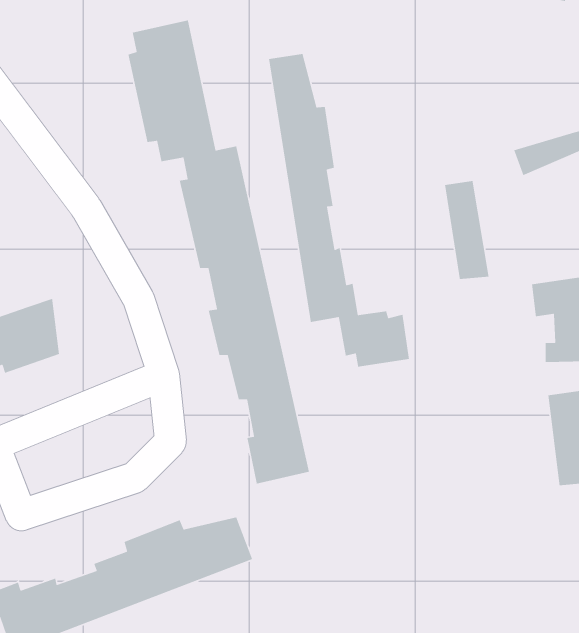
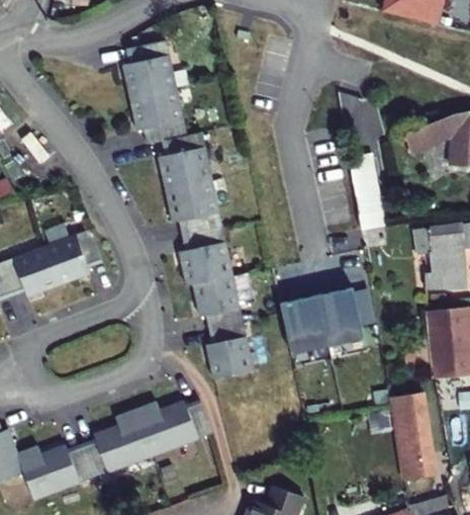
building: [268,53,410,367] -> none
building: none -> [65,230,103,281]
building: none -> [280,288,362,351]
building: none -> [390,391,436,480]

